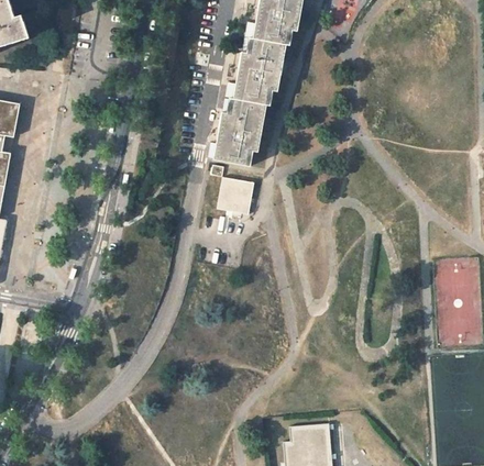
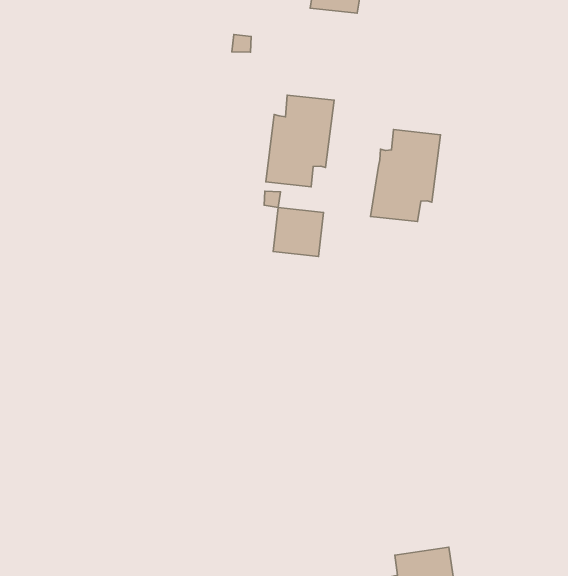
building: [232,38,285,104] -> [371,130,440,222]

